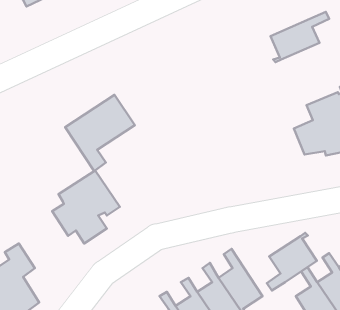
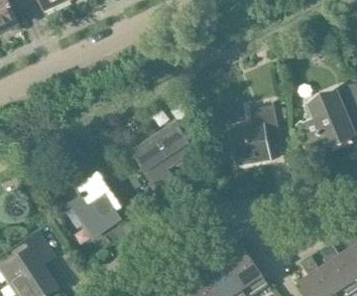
building: [271,12,329,62] -> none
building: [65,95,135,171] -> [129,121,195,192]
building: none -> [228,105,279,162]
building: [267,233,317,291] -> none

